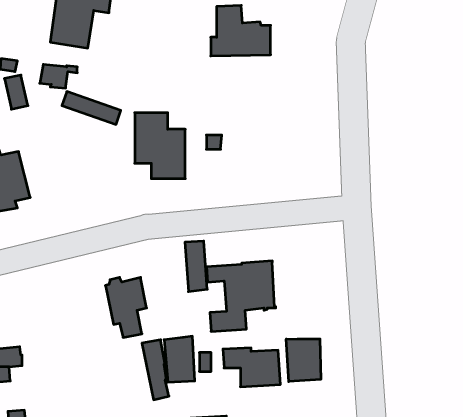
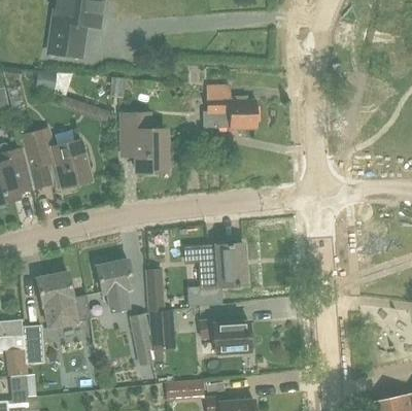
building: [211,5,271,56] -> [203,83,255,128]
building: none -> [23,130,89,190]
building: [185,241,207,292] -> [144,269,164,313]
building: none -> [36,272,90,326]
building: [286,339,321,382] -> none
building: none -> [23,326,42,364]

